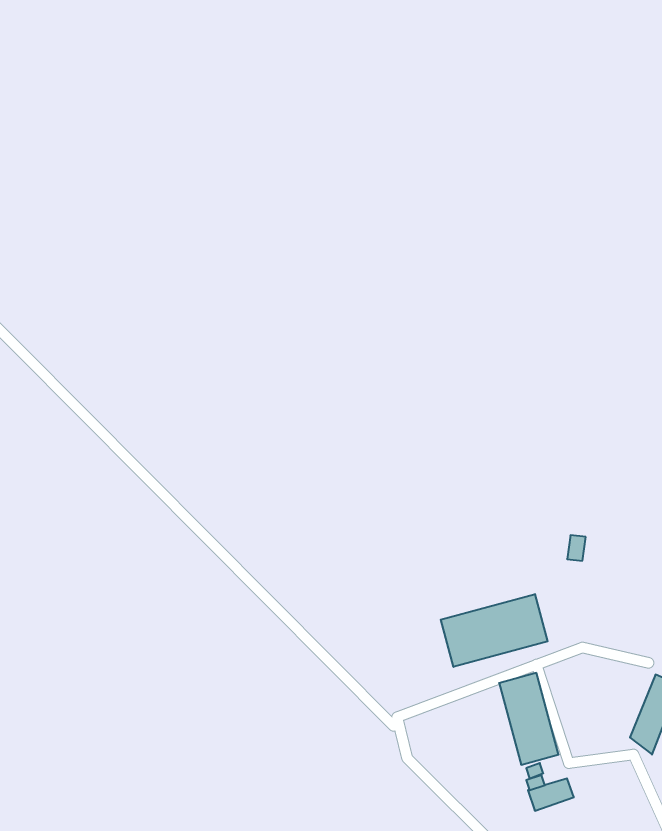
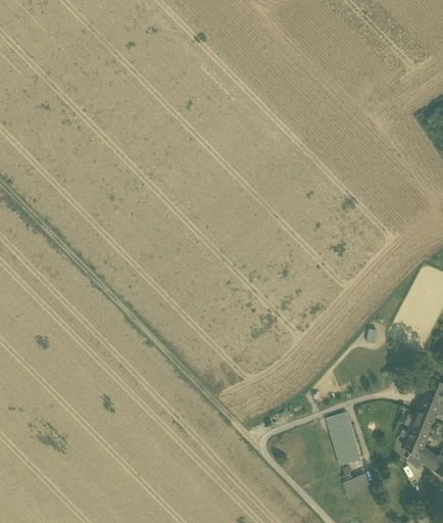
building: [441,594,548,667] -> none

